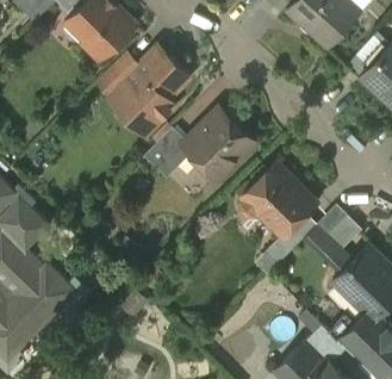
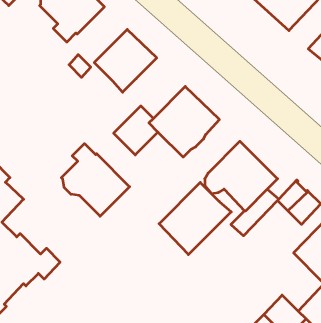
building: [127,99,174,135] -> none
building: none -> [61,144,130,216]
building: none -> [159,182,231,255]

